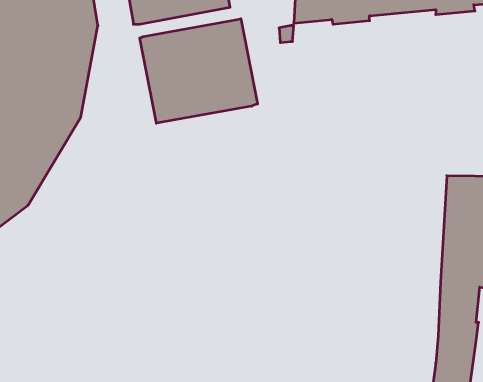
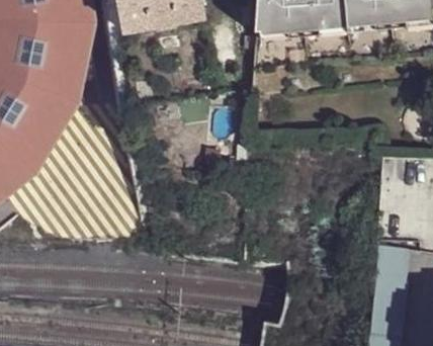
building: [140,19,258,123] -> none

